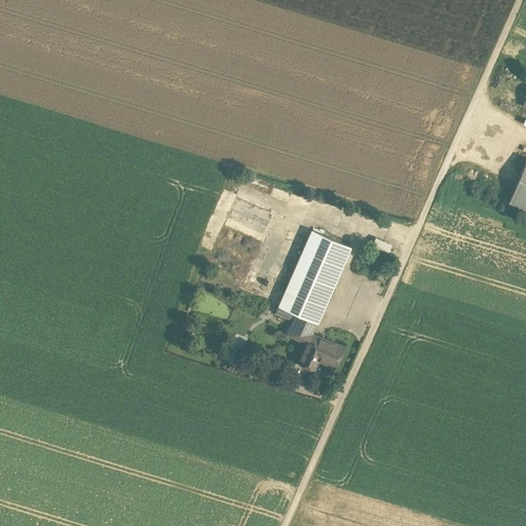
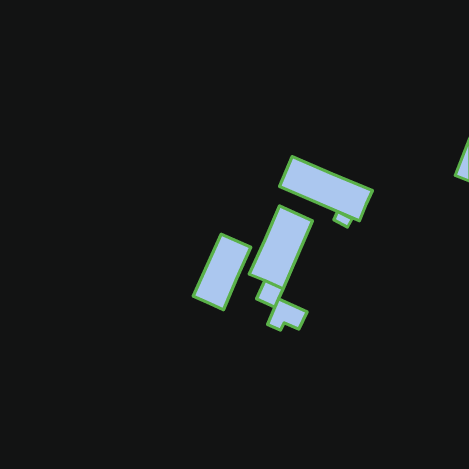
building: none -> [280,157,373,221]
building: none -> [193,234,251,310]

